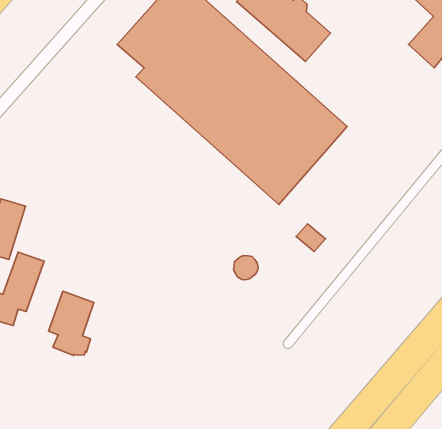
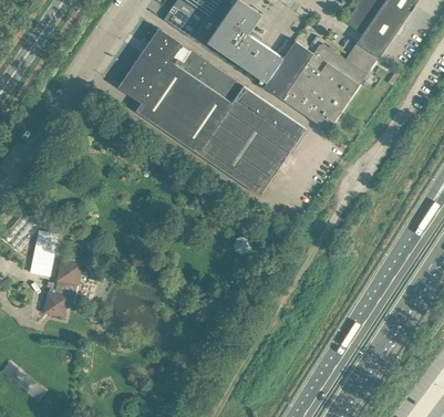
building: none -> [262,41,366,131]
building: [49,291,94,356] -> none

